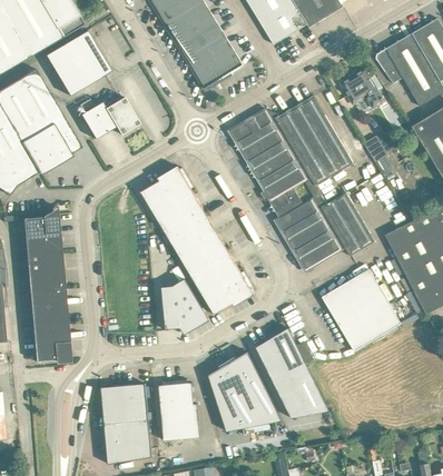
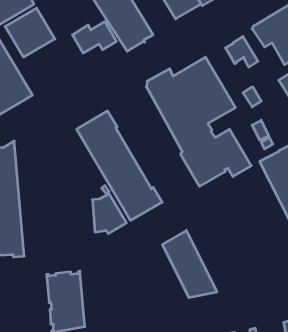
building: [80,97,139,139] -> [72,22,116,53]
building: [322,269,401,351] -> none
building: [207,353,282,430] -> none
building: [158,379,199,440] -> none

